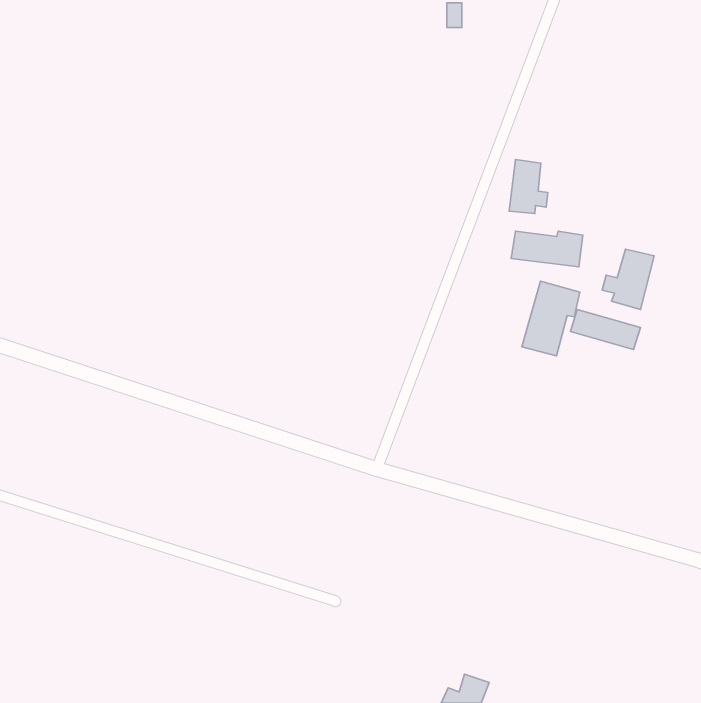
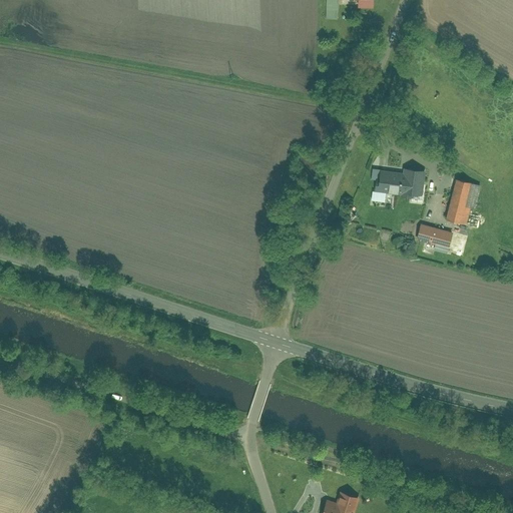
building: [509,160,548,214] -> none
building: [522,281,580,356] -> none

